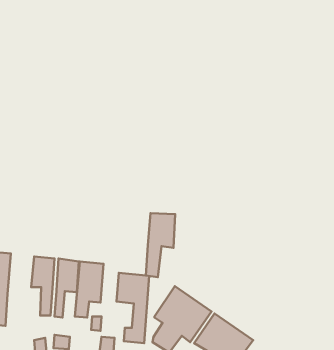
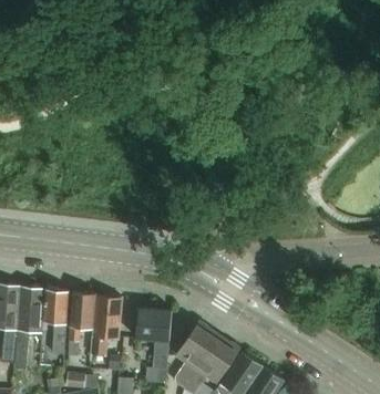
building: [146,213,175,277] -> none
building: none -> [14,287,43,371]

